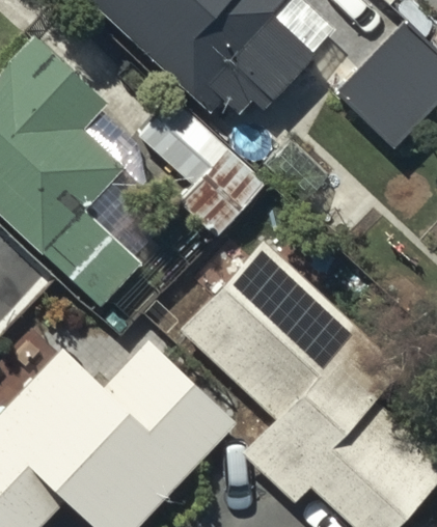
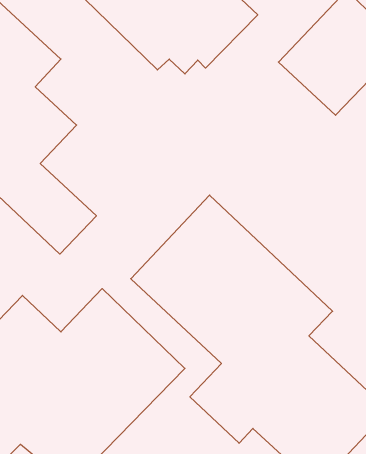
building: [136,98,266,241] -> none

